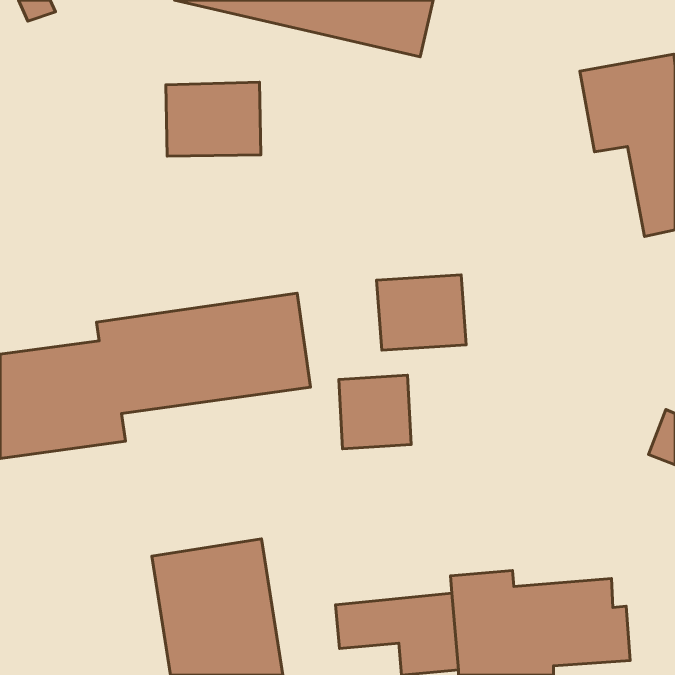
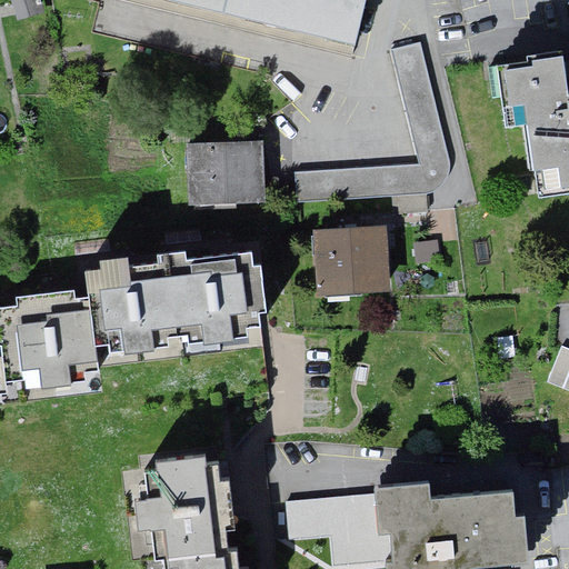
building: none -> [293,41,450,202]
building: [166,82,261,156] -> [190,144,270,207]
building: [339,375,411,449] -> none

